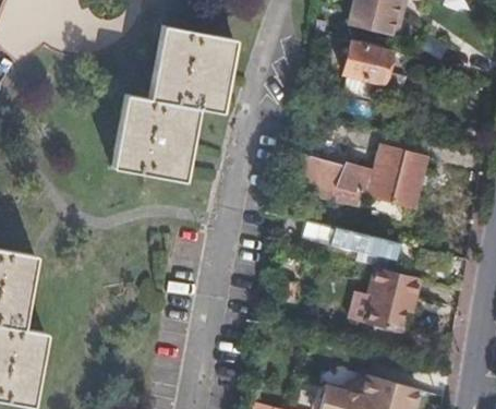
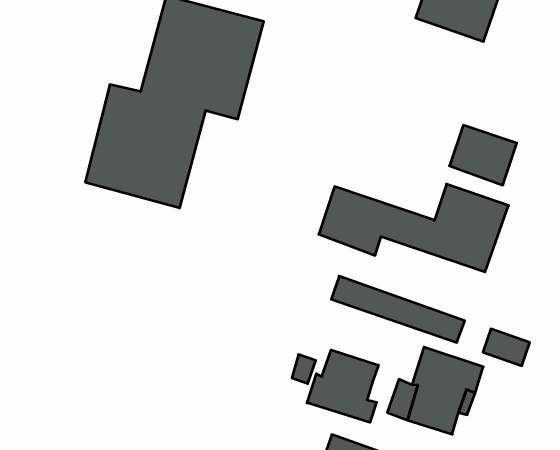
building: [342,44,390,85] -> [449,125,517,185]
building: none -> [307,350,378,422]

